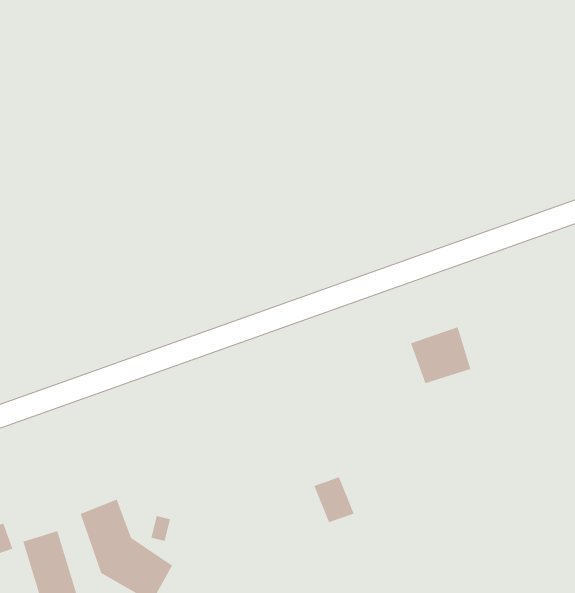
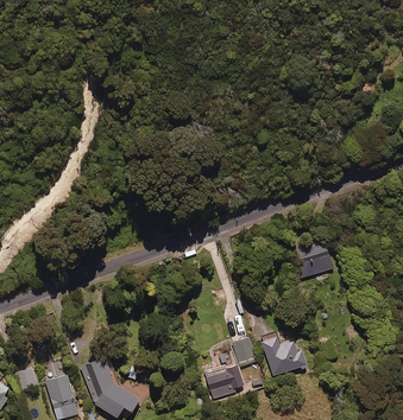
building: none -> [260,335,306,376]
building: none -> [203,354,244,402]

